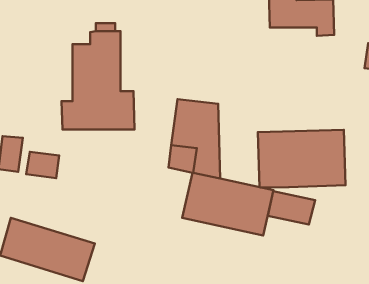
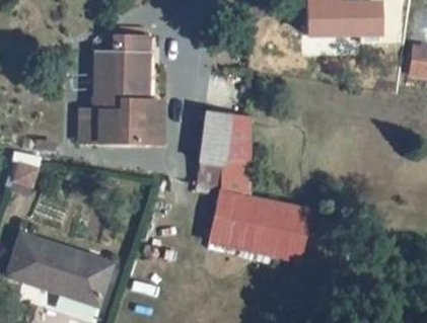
building: [258,130,346,187] -> none
building: [26,152,59,178] -> none
building: [268,191,315,224] -> none

